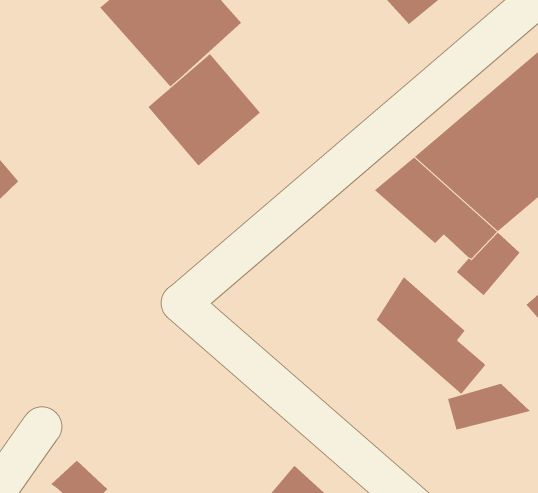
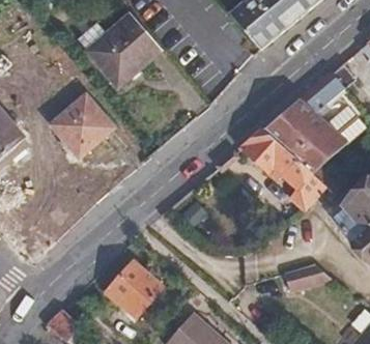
building: [148,53,261,166] -> [48,91,115,159]
building: [376,276,486,395] -> none
building: none -> [104,259,162,317]

